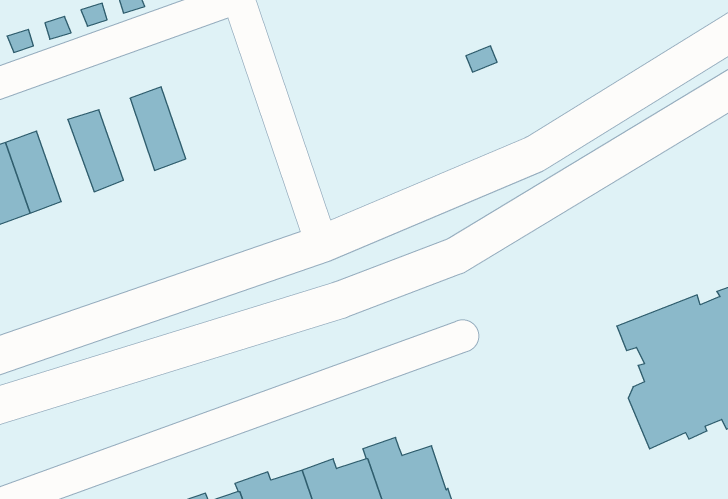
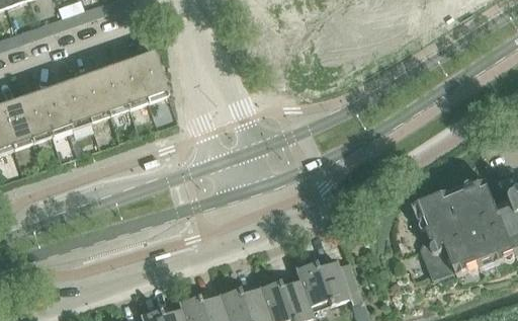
building: none -> [133,51,168,101]
building: none -> [94,64,128,114]
building: none -> [56,77,91,128]
building: none -> [295,259,362,306]

